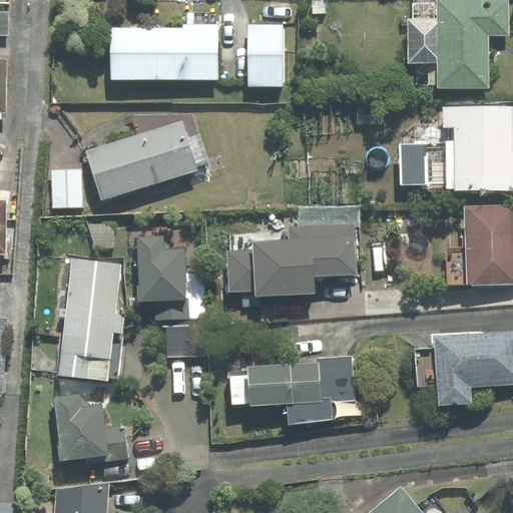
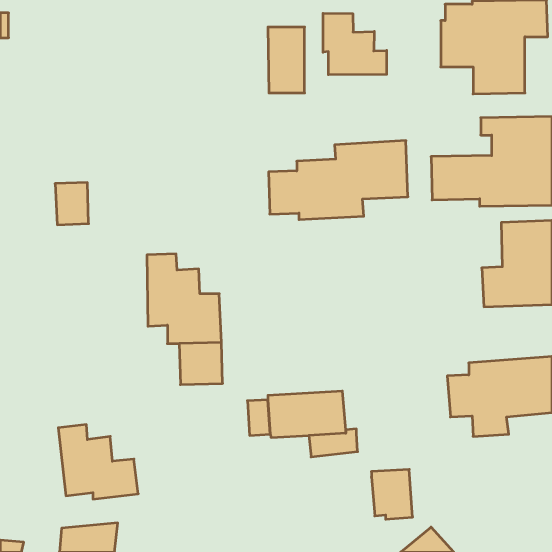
building: none -> [323,13,387,75]
building: [111,24,217,80] -> none
building: [86,121,209,199] -> none
building: [227,223,357,297] -> [269,141,408,220]
building: [59,259,125,381] -> none
building: [318,356,356,402] -> [371,469,413,519]

